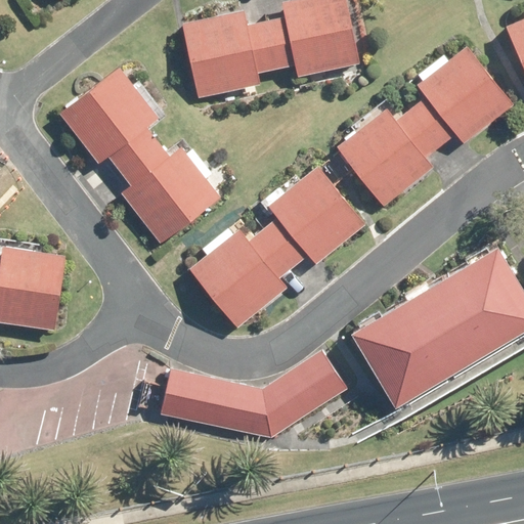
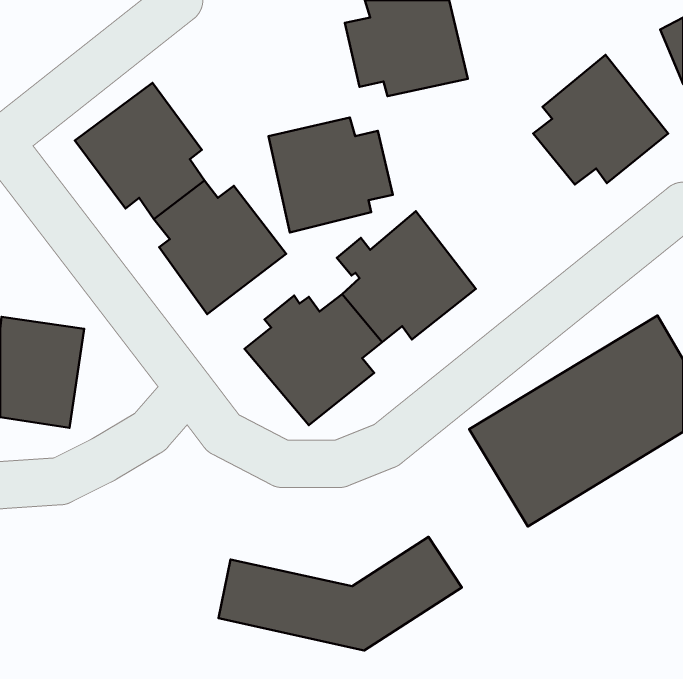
building: [180,10,275,98] -> [268,117,393,232]
building: [336,105,440,206] -> none
building: [161,352,347,439] -> [219,537,462,650]

